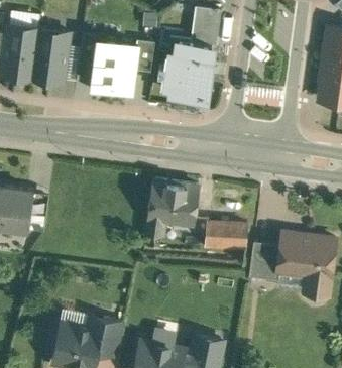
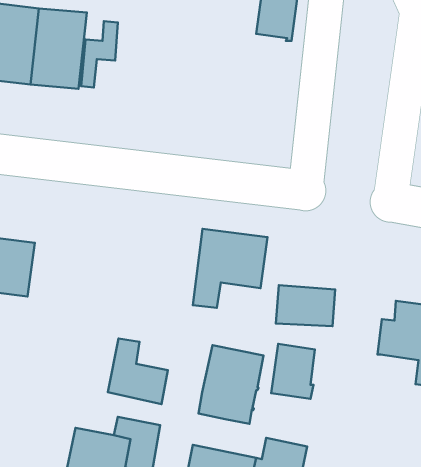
building: [93,31,144,89] -> none
building: [166,41,215,99] -> none
building: [249,242,280,281] -> [271,344,315,399]
building: none -> [108,338,168,404]
building: none -> [199,345,263,424]

